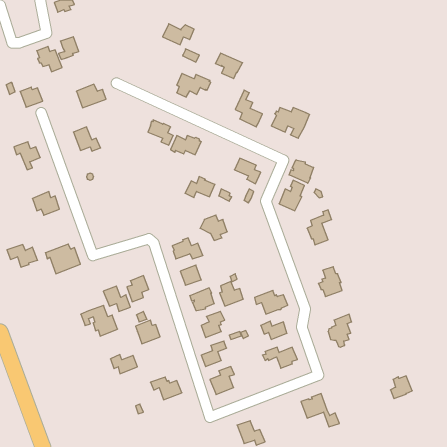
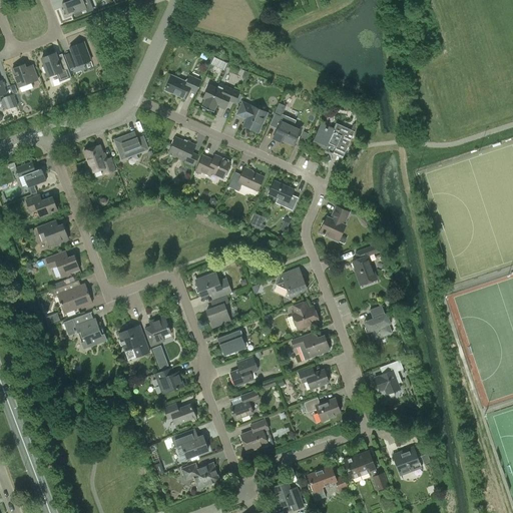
building: [163,24,194,45] -> [165,75,201,99]
building: [215,53,243,79] -> [236,102,268,131]
building: [76,84,106,108] -> [114,132,148,159]
building: [20,87,43,107] -> [12,64,38,87]
building: [289,160,314,183] -> none
building: none -> [26,194,57,216]
building: [185,177,215,198] -> [228,167,263,191]
building: [200,215,227,240] -> [276,270,307,299]
building: [7,245,38,267] -> [45,251,80,278]
building: [220,282,243,306] -> [292,302,319,330]
building: [81,305,118,336] -> [64,313,106,348]
building: [110,355,137,374] -> [164,403,195,425]
building: [390,376,412,399] -> [396,449,421,475]
building: none -> [181,463,219,488]
building: none -> [308,465,348,501]

